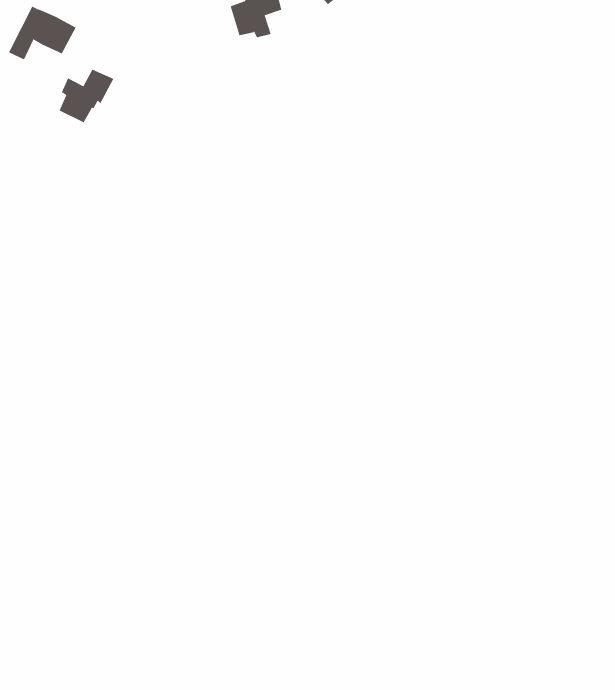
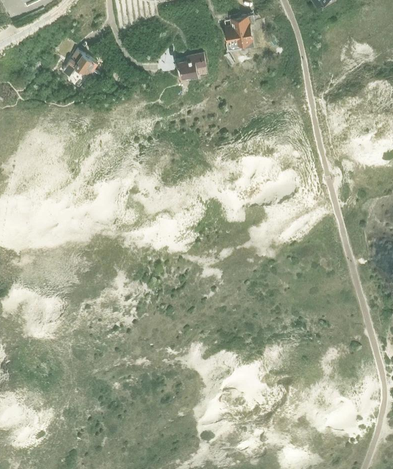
building: [59,69,114,123] -> none

